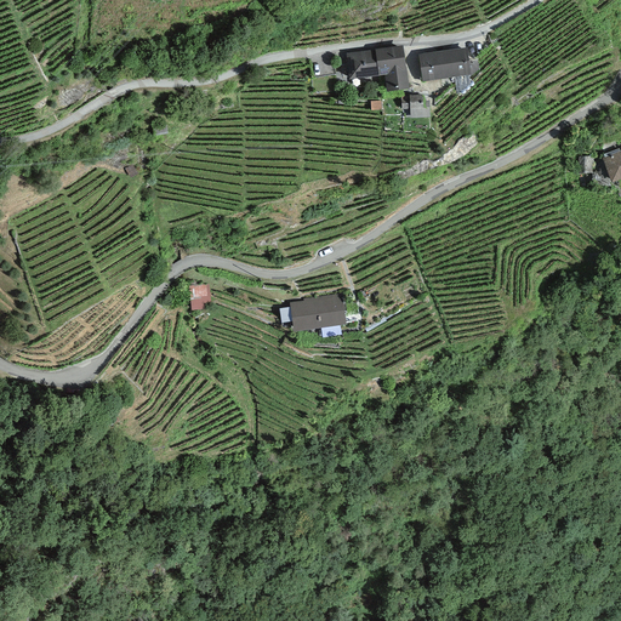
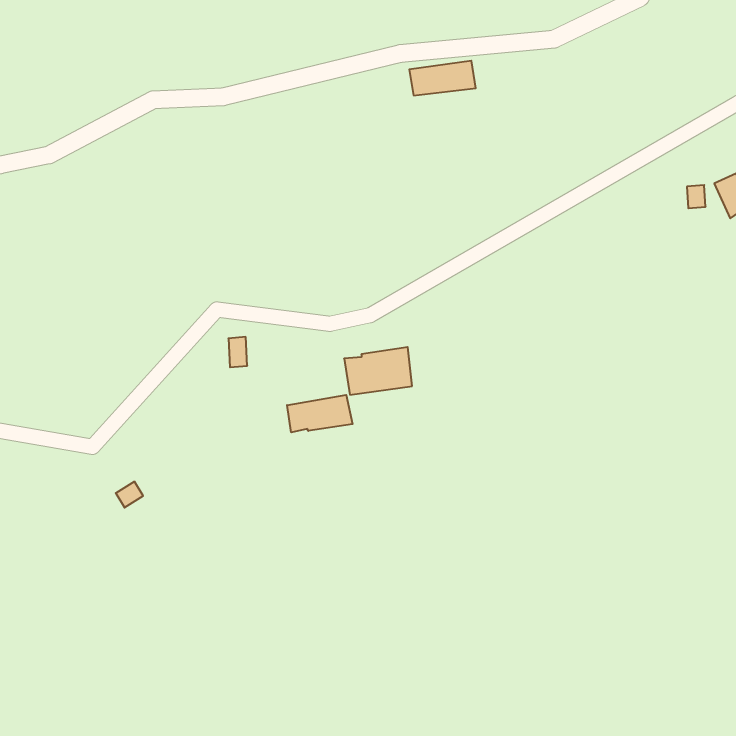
building: [416,55,461,78] -> none
building: none -> [287,395,353,432]

